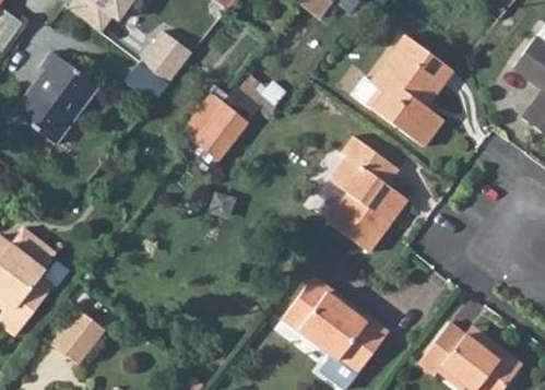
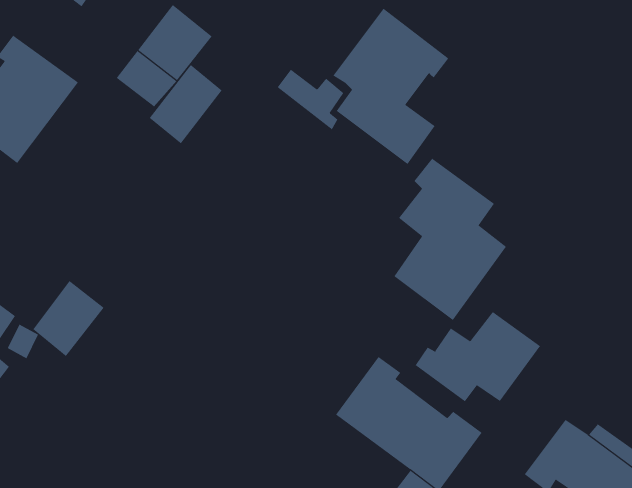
building: [369,35,452,146] -> [333,8,449,165]
building: [198,105,250,162] -> [149,64,223,144]
building: none -> [415,311,541,402]
building: [50,308,102,363] -> [32,280,105,357]

